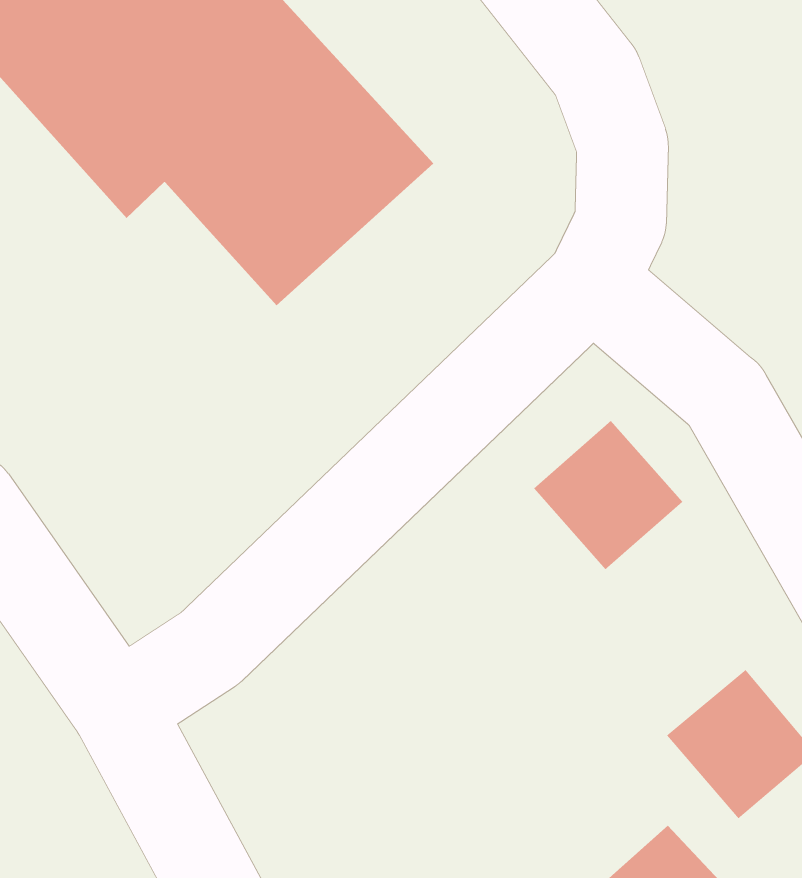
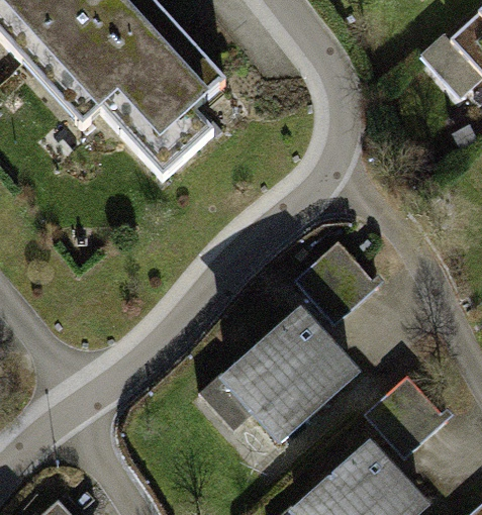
building: none -> [222,312,357,444]

